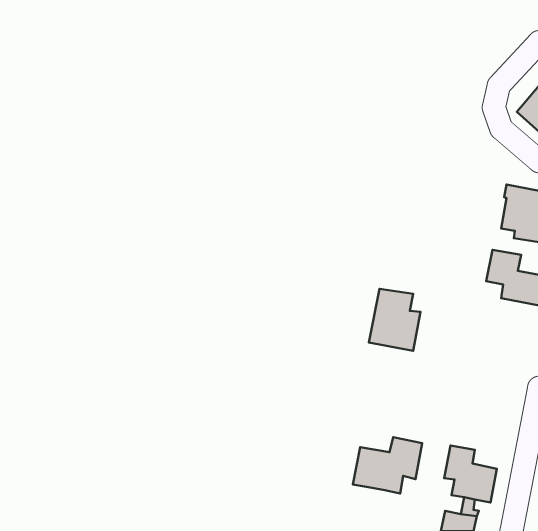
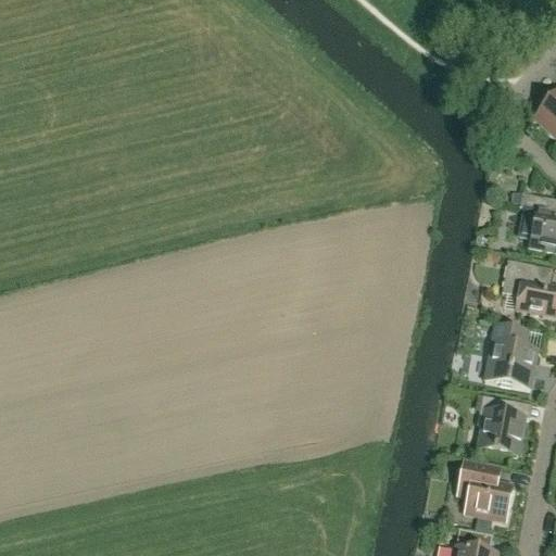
building: [369,289,421,351] -> [485,323,539,387]
building: none -> [478,393,526,454]
building: [353,437,422,493] -> none

